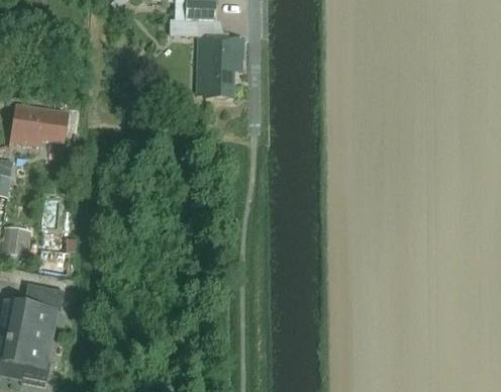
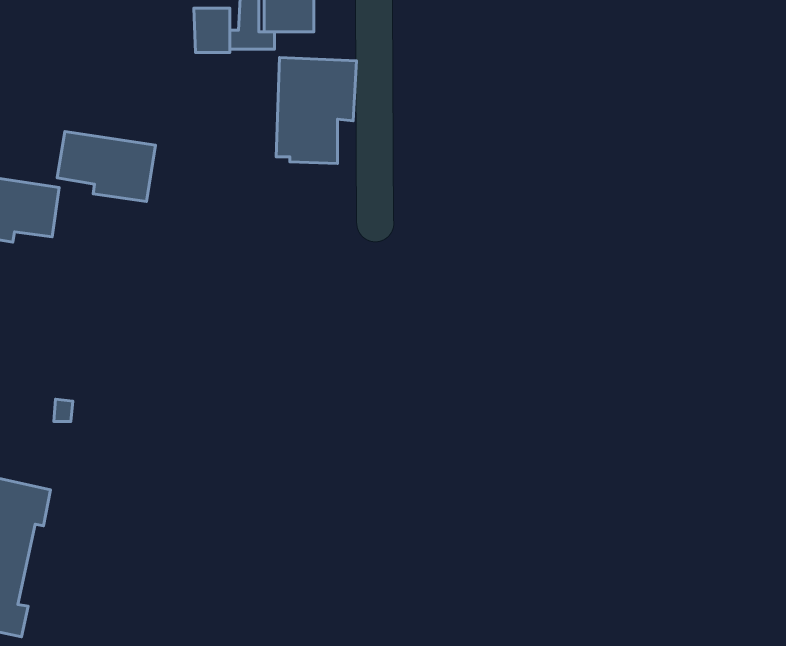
building: none -> [194,8,230,53]
building: none -> [57,131,155,201]

